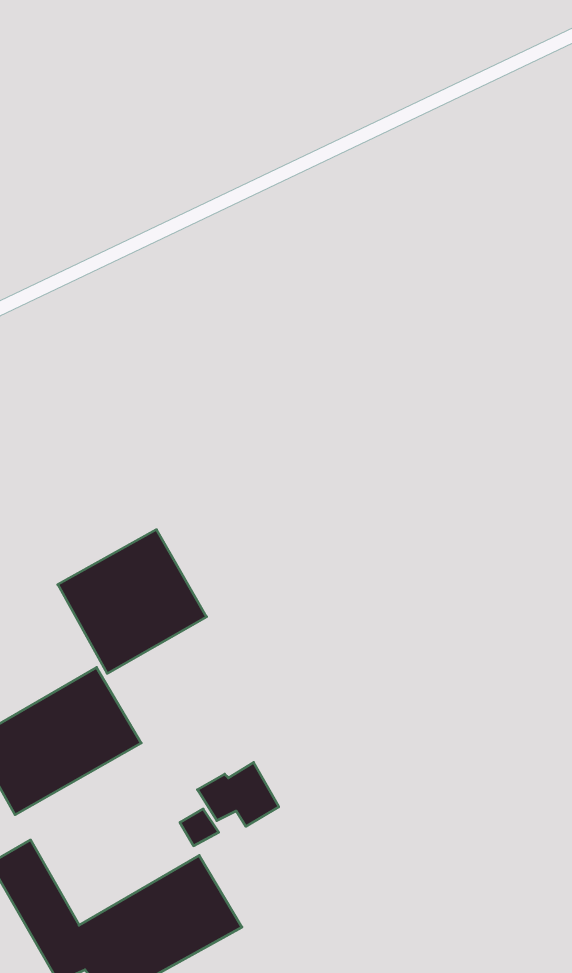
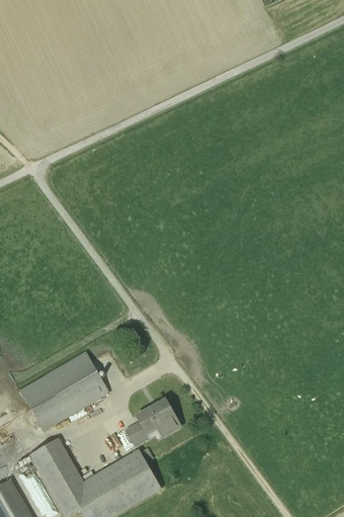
building: [58,530,207,673] -> none

